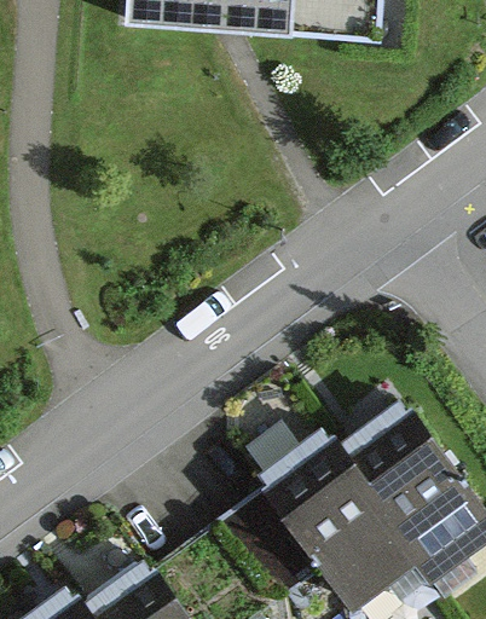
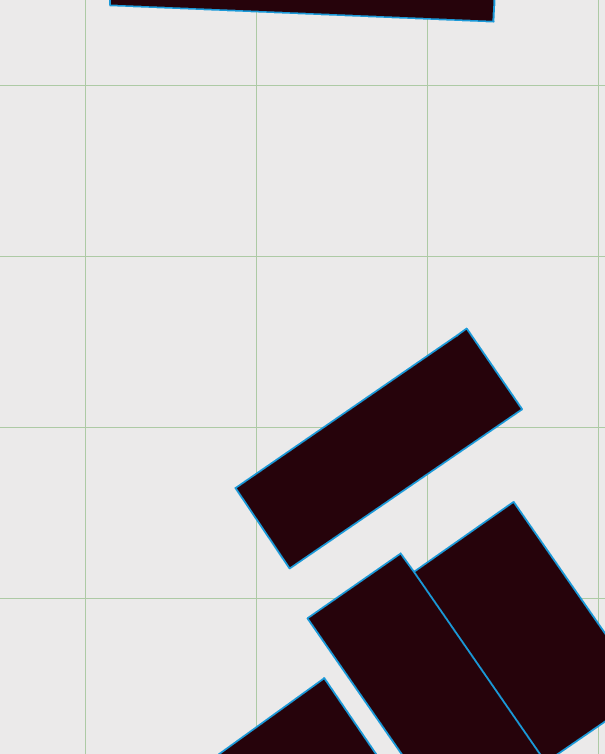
building: none -> [235,329,522,568]

